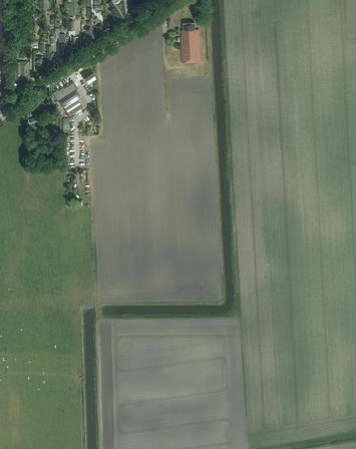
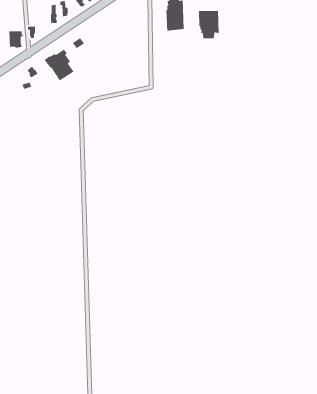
building: none -> [198,10,219,39]

